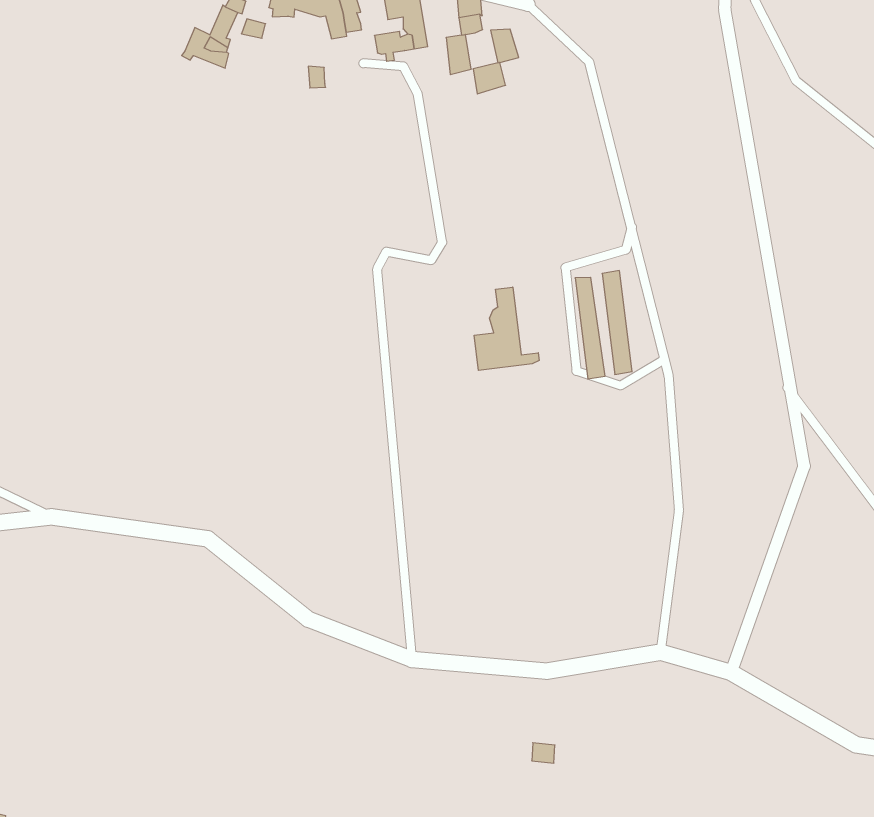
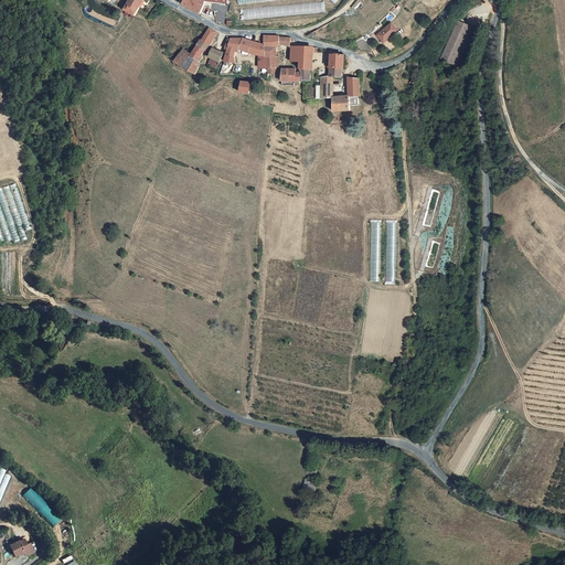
building: [474,287,539,370] -> none

